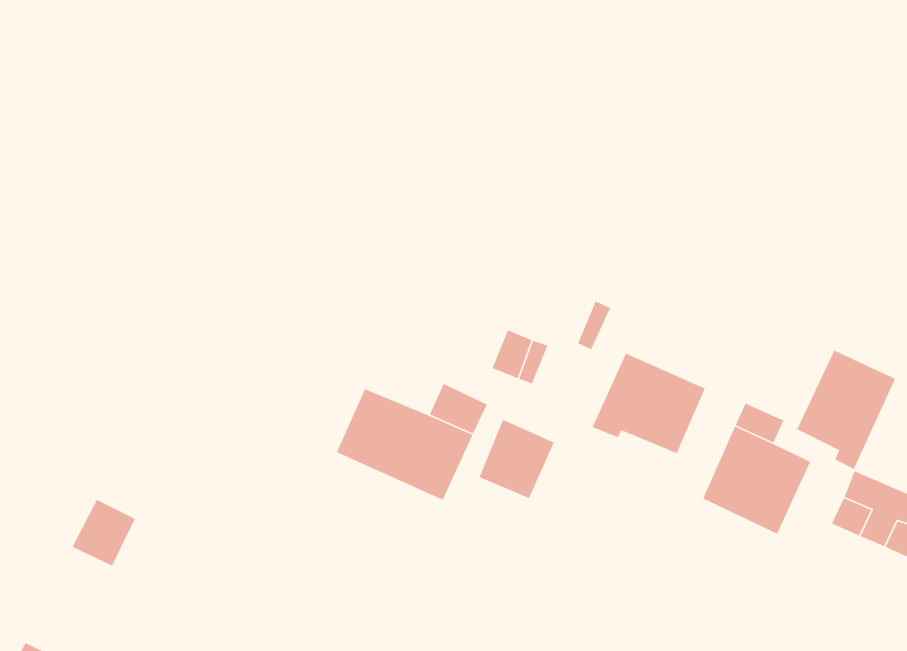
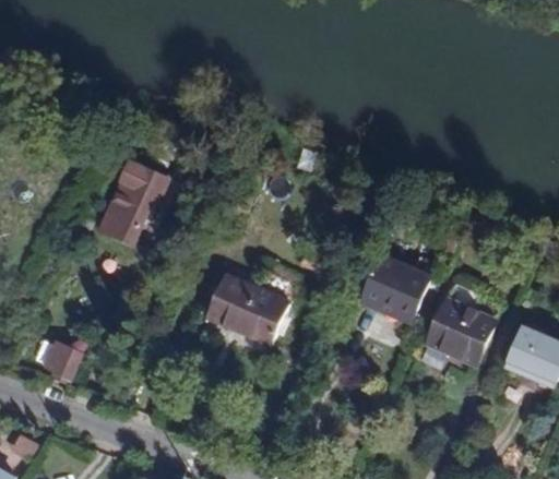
building: none -> [99,171,164,246]
building: [796,350,896,470] -> none
building: [479,419,555,499] -> none

